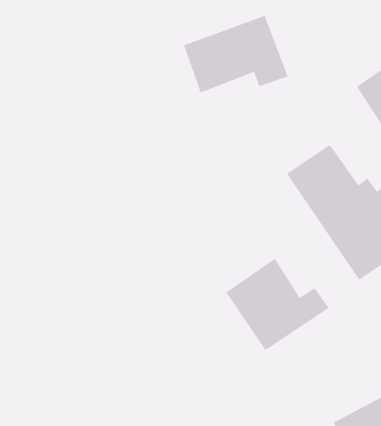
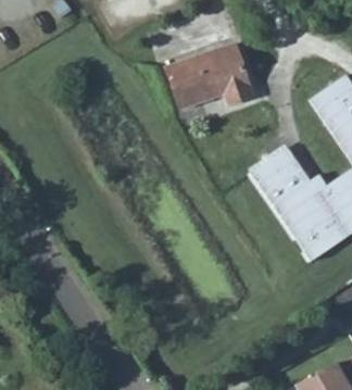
building: [226,258,329,351] -> none

